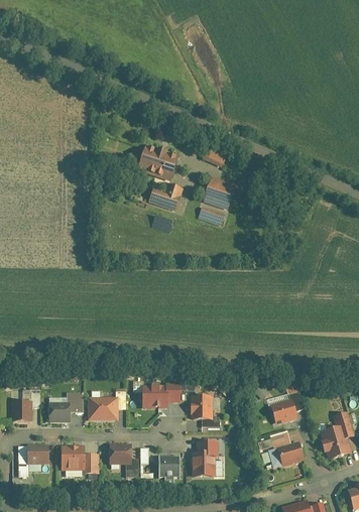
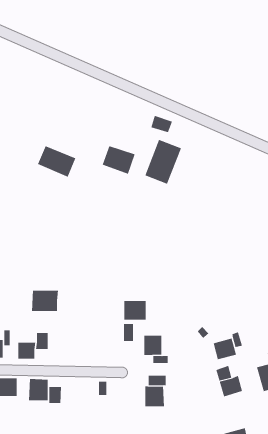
building: [132,145,176,181] -> [37,146,76,178]
building: [142,385,168,407] -> [123,301,146,320]
building: [88,396,119,420] -> [31,290,59,311]
building: [109,443,132,464] -> none
building: [160,456,179,478] -> none

